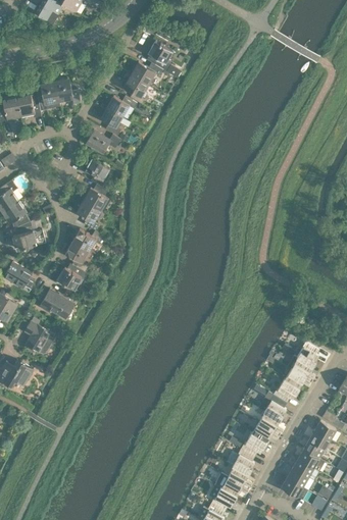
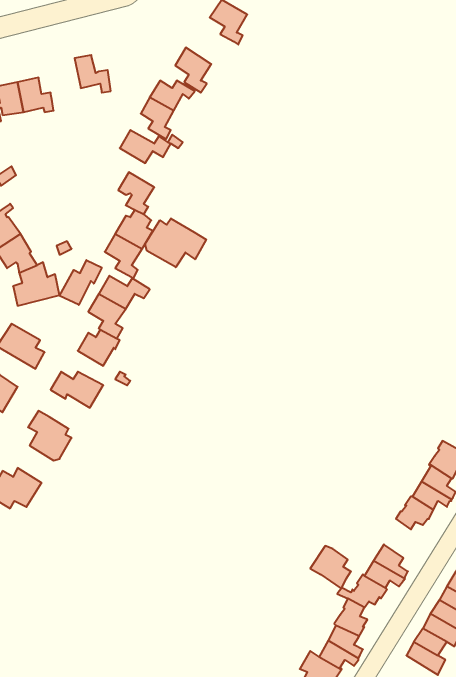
building: [131,61,163,85] -> none
building: [38,81,60,110] -> none
building: none -> [145,218,206,267]
building: none -> [59,260,102,305]
building: [258,392,286,420] -> [310,546,351,588]

